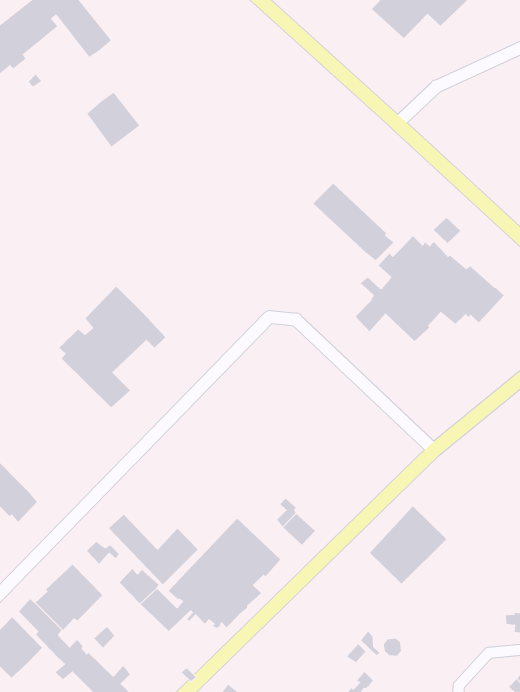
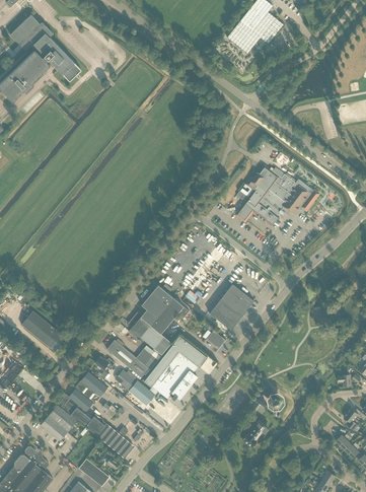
building: [86,92,140,147] -> none
building: [313,183,395,261] -> none
building: [58,286,166,408] -> [128,284,189,354]
building: [369,506,447,584] -> [210,283,253,329]

